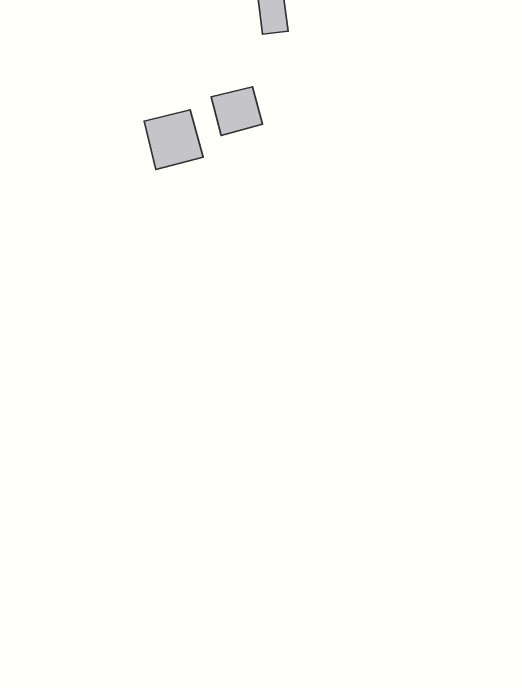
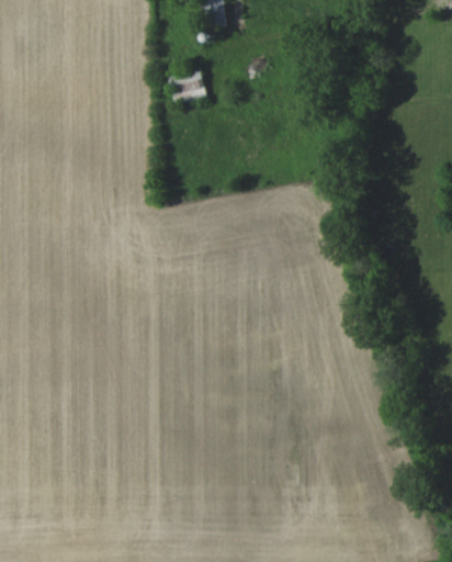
building: [144,110,203,169] -> none

